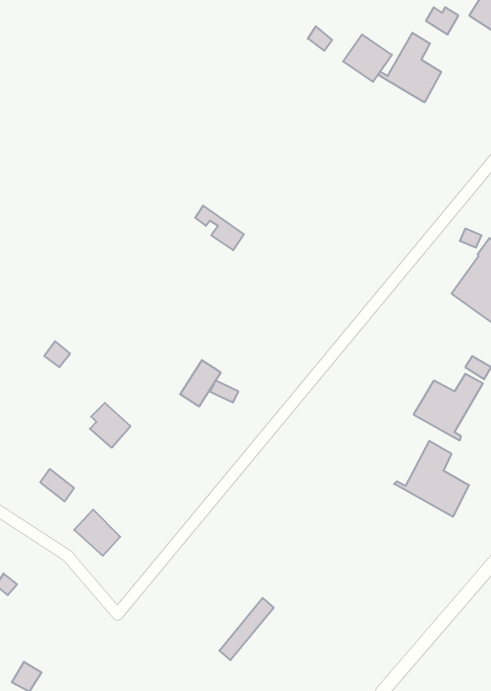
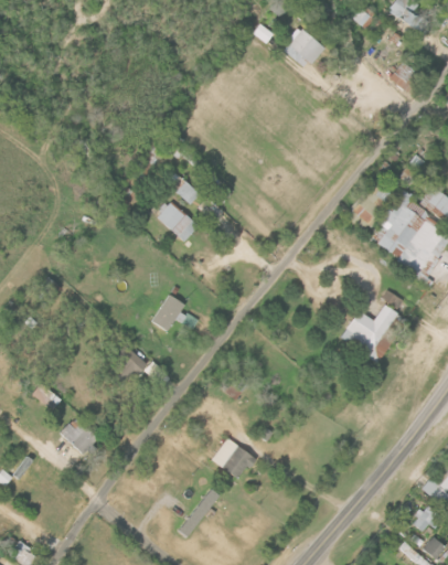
building: [378,33,441,102] -> none
building: none -> [157,201,200,242]
building: [90,403,130,448] -> [113,344,146,381]
building: [394,441,469,517] -> none
building: none -> [211,437,255,480]

